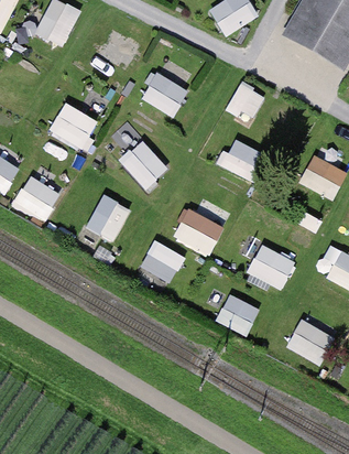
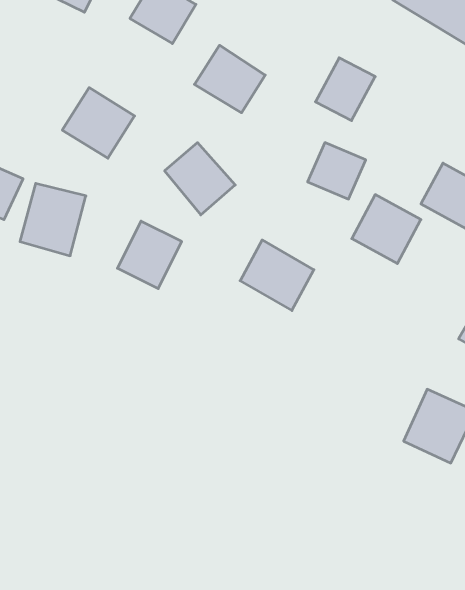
building: [141,241,183,281] -> none
building: [247,242,295,291] -> [352,195,421,264]
building: [216,293,260,336] -> none

